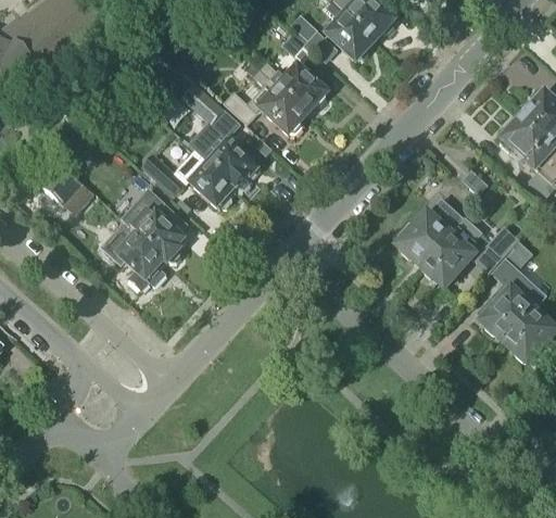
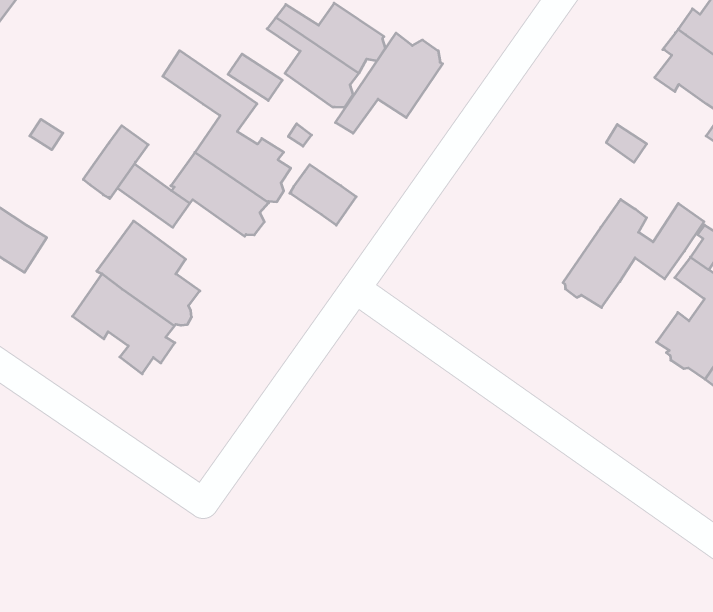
building: none -> [335,33,443,133]
building: none -> [83,126,148,199]
building: none -> [290,165,356,225]
building: [393,198,465,266] -> none

